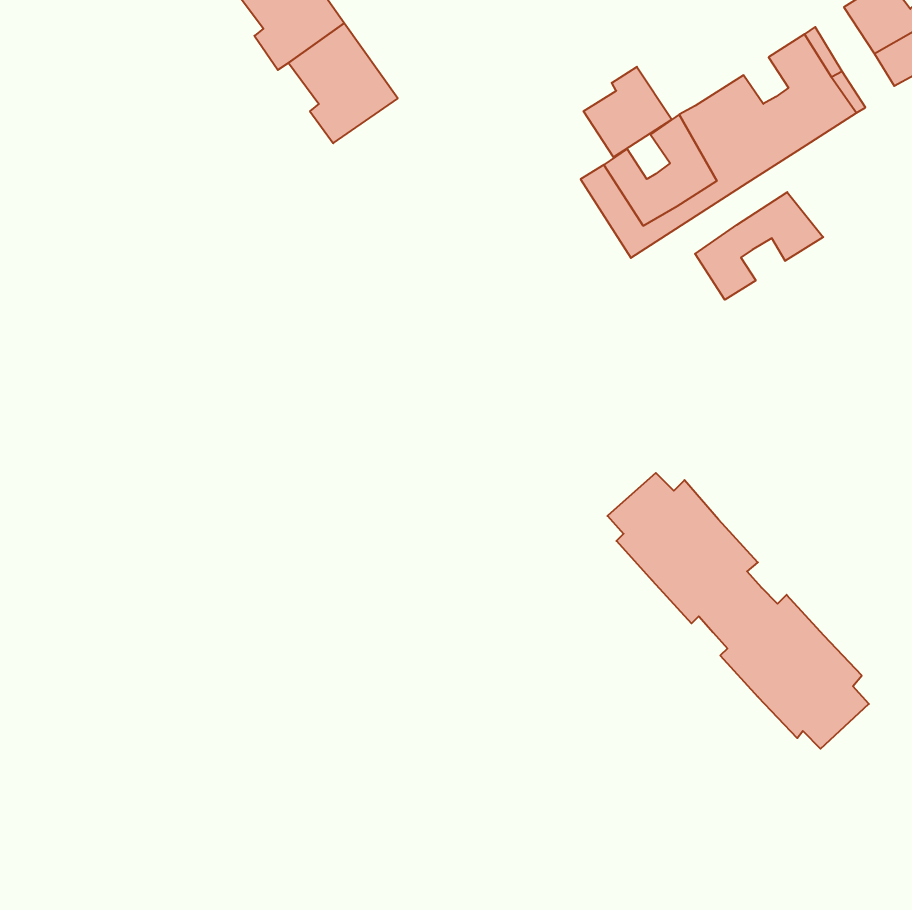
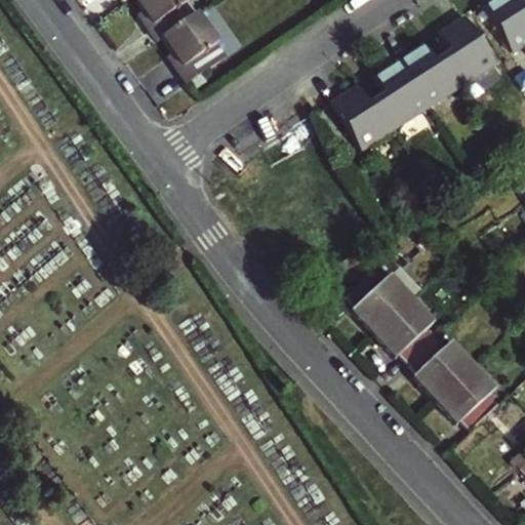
building: [584,67,672,157] -> none
building: [695,192,823,300] -> none

